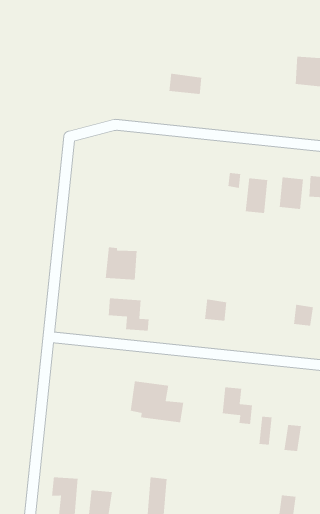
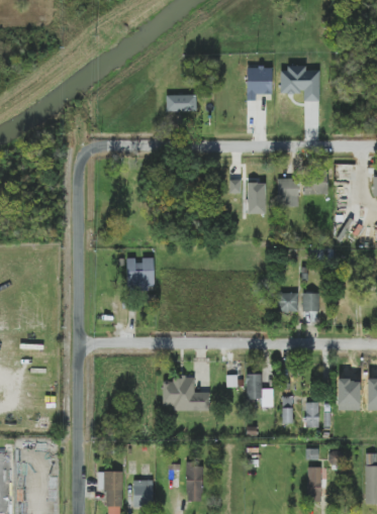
building: none -> [247,67,272,100]
building: [108,298,149,331] -> none
building: [204,298,227,322] -> [278,292,297,311]

